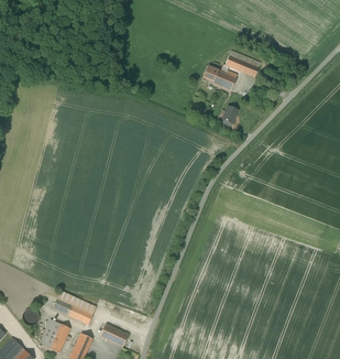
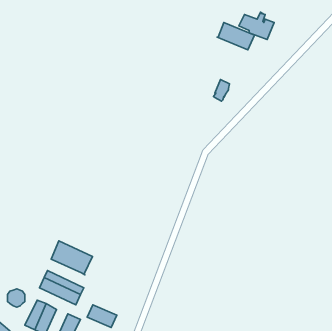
building: [202,64,237,90] -> [239,12,274,40]
building: none -> [51,241,93,275]

